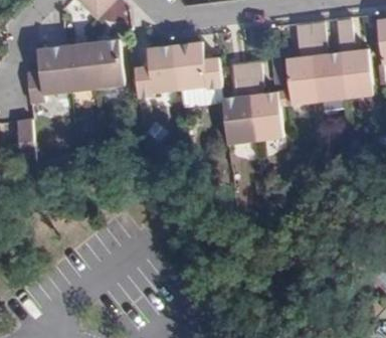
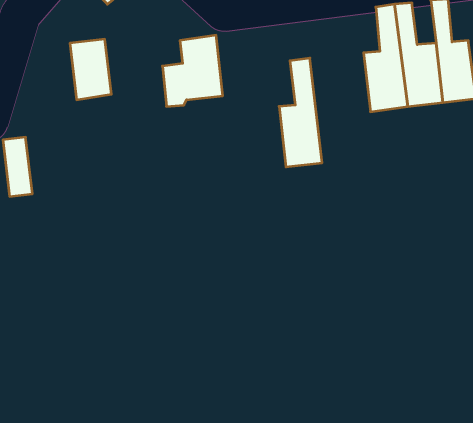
building: [176,39,222,88] -> none
building: [92,41,125,87] -> none
building: [28,48,71,104] -> none
building: [246,58,282,138] -> none

